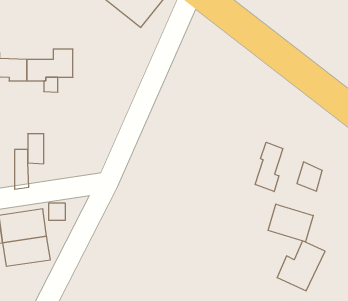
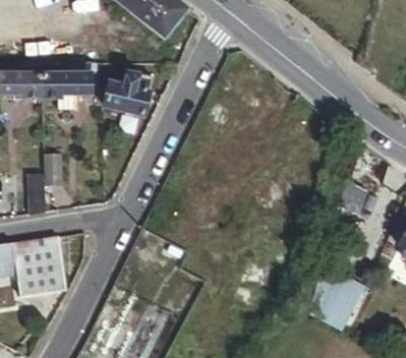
building: none -> [107,67,155,115]
building: [255,142,283,192] -> none
building: [268,204,313,242] -> none

